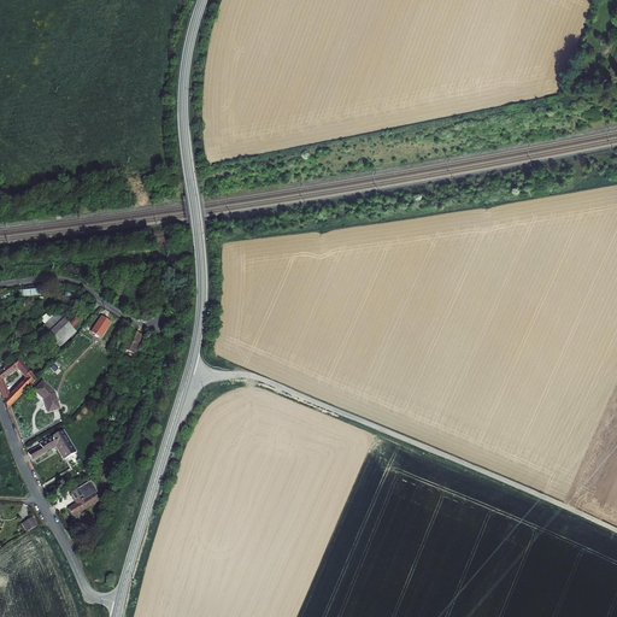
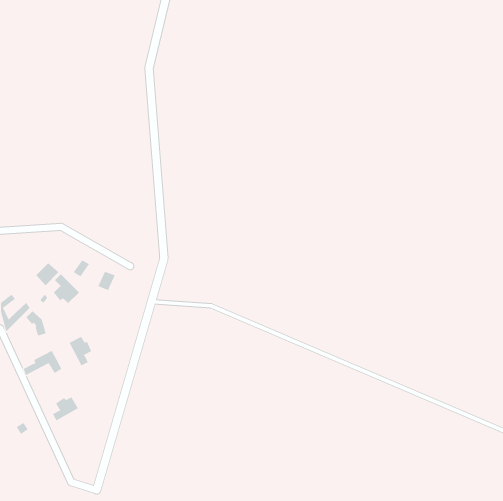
building: none -> [53,273,80,304]
building: none -> [69,336,92,366]

